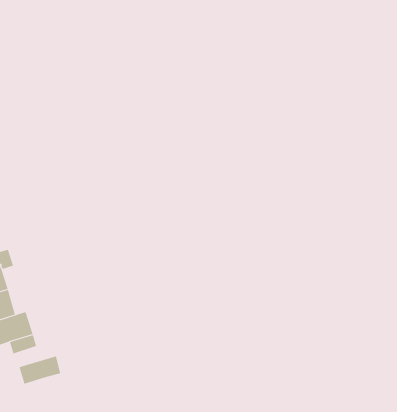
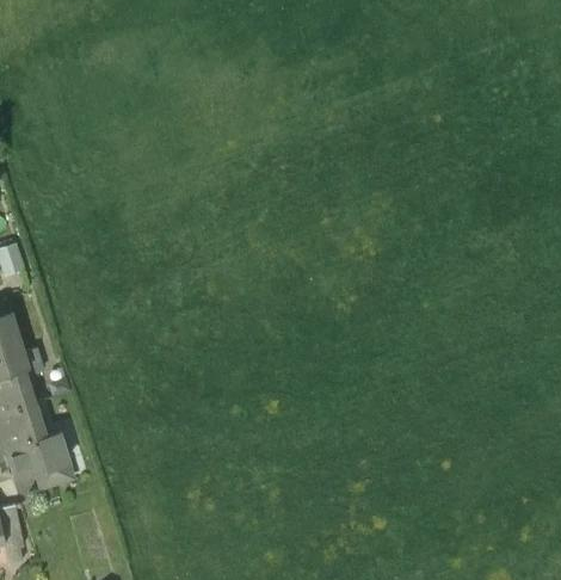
building: [19,356,61,385] -> none

